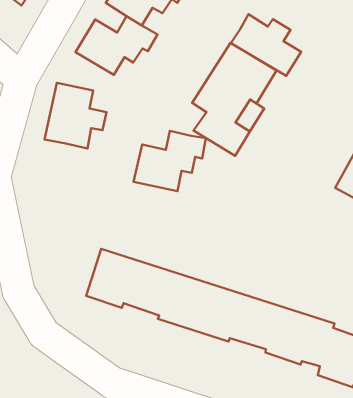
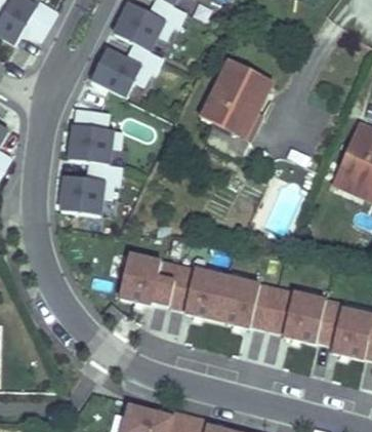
building: [231,14,301,76] -> none
building: [133,131,206,191] -> [60,161,122,214]

